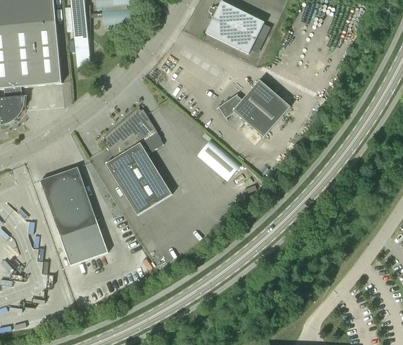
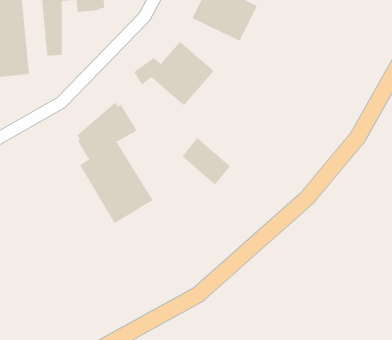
building: [217,79,291,137] -> [131,41,215,106]
building: [40,166,109,265] -> none

